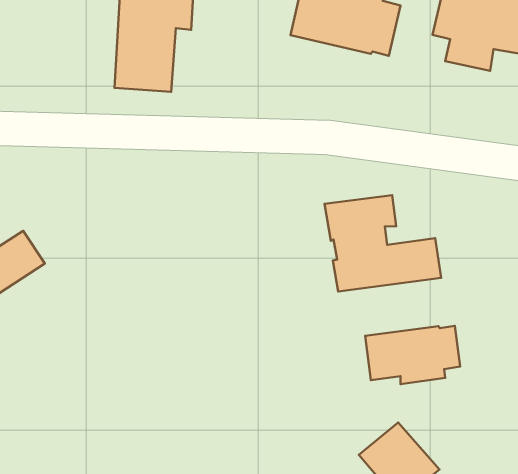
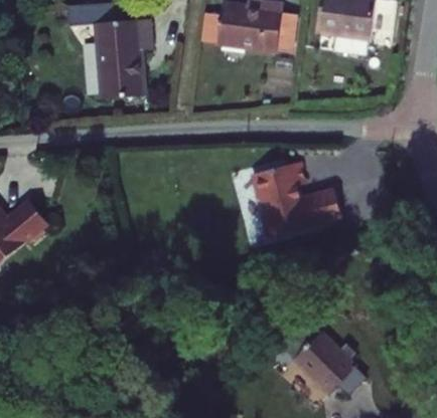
building: [365,326,460,384] -> none

